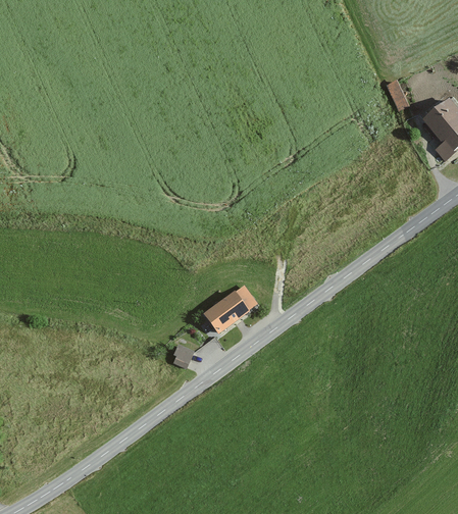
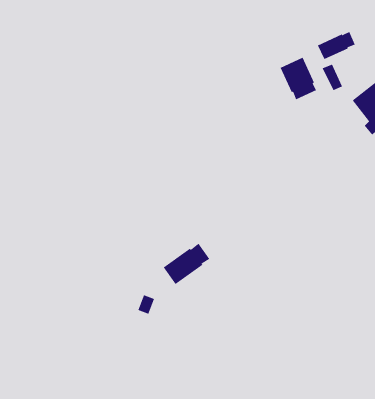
building: none -> [317,31,356,60]
building: none -> [280,57,317,100]

